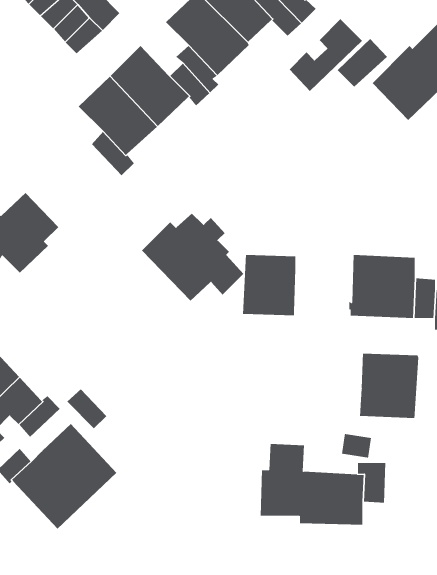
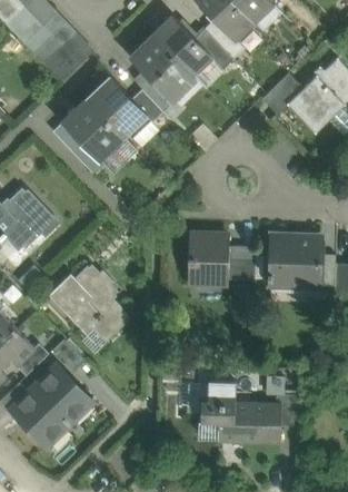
building: [289,18,363,92] -> none
building: [141,213,244,301] -> [49,266,128,334]
building: none -> [228,247,256,281]
building: [359,353,419,419] -> none

